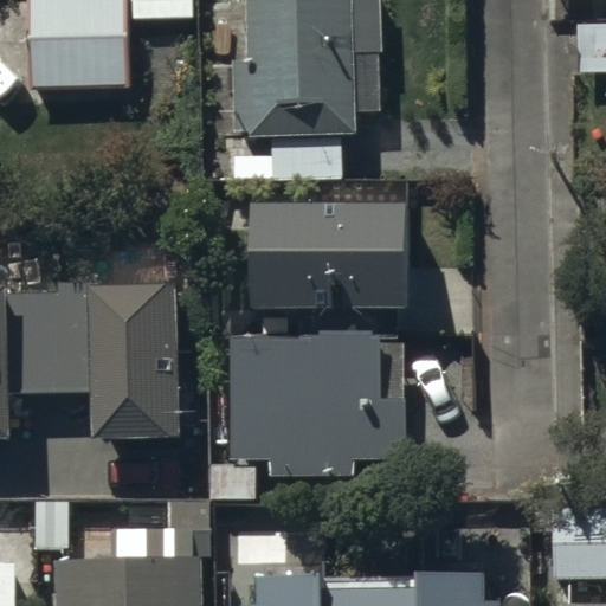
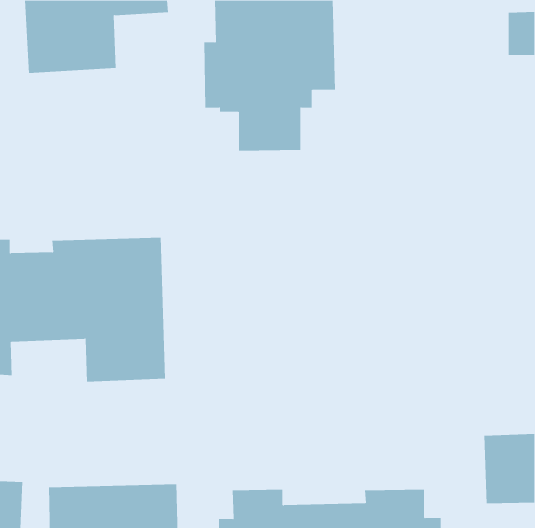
building: [245,193,470,337] -> none
building: [233,325,401,477] -> none

